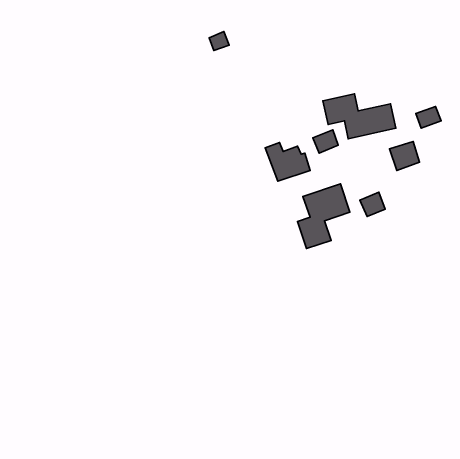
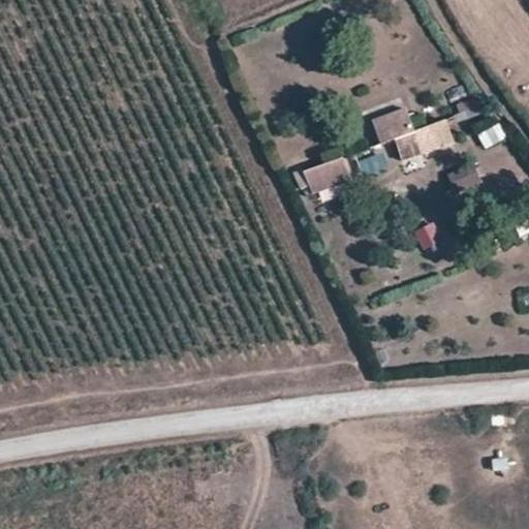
building: [298,184,350,249] -> none

